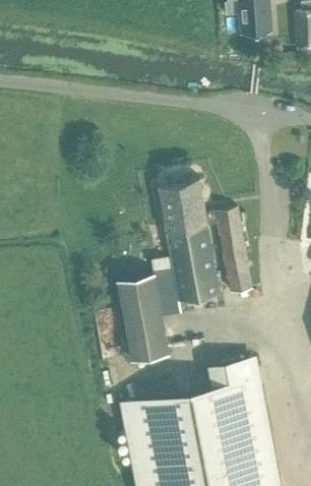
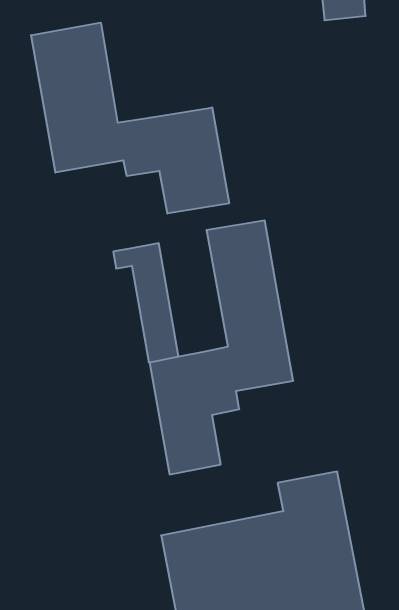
building: none -> [31,23,229,214]
building: [205,207,252,293] -> [113,243,179,362]

